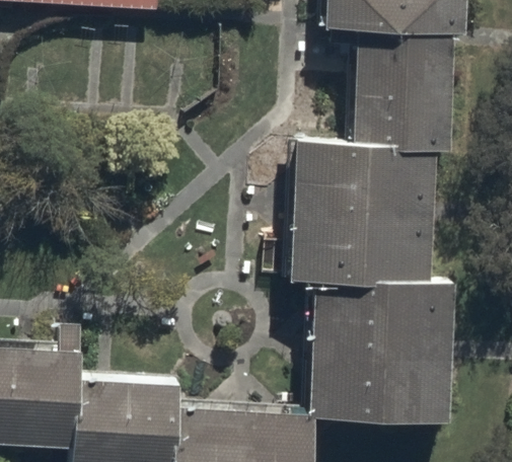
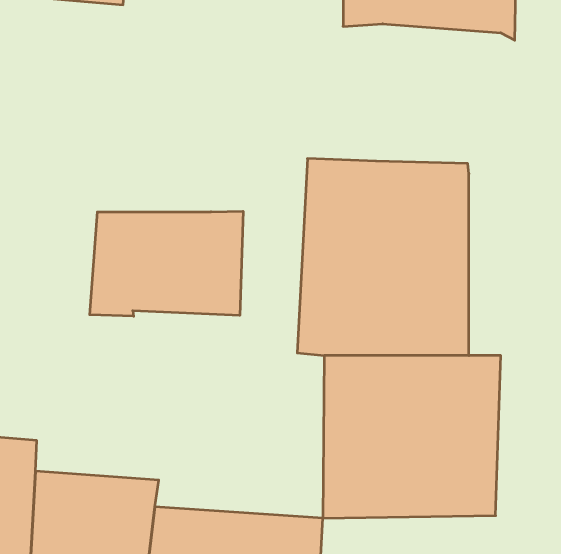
building: [354,24,453,144] -> none
building: none -> [90,211,243,316]

